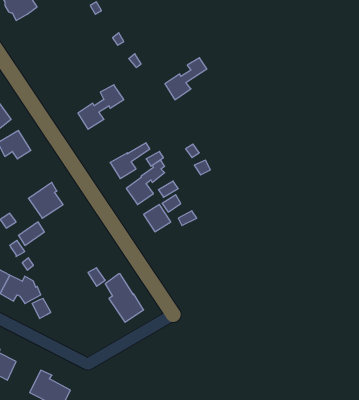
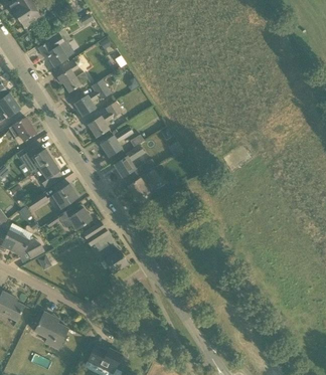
building: none -> [38,34,66,66]
building: [165,58,207,100] -> [88,104,122,138]
building: none -> [56,60,89,92]
building: none -> [19,146,52,175]
building: none -> [50,184,77,209]
building: none -> [45,208,92,230]

